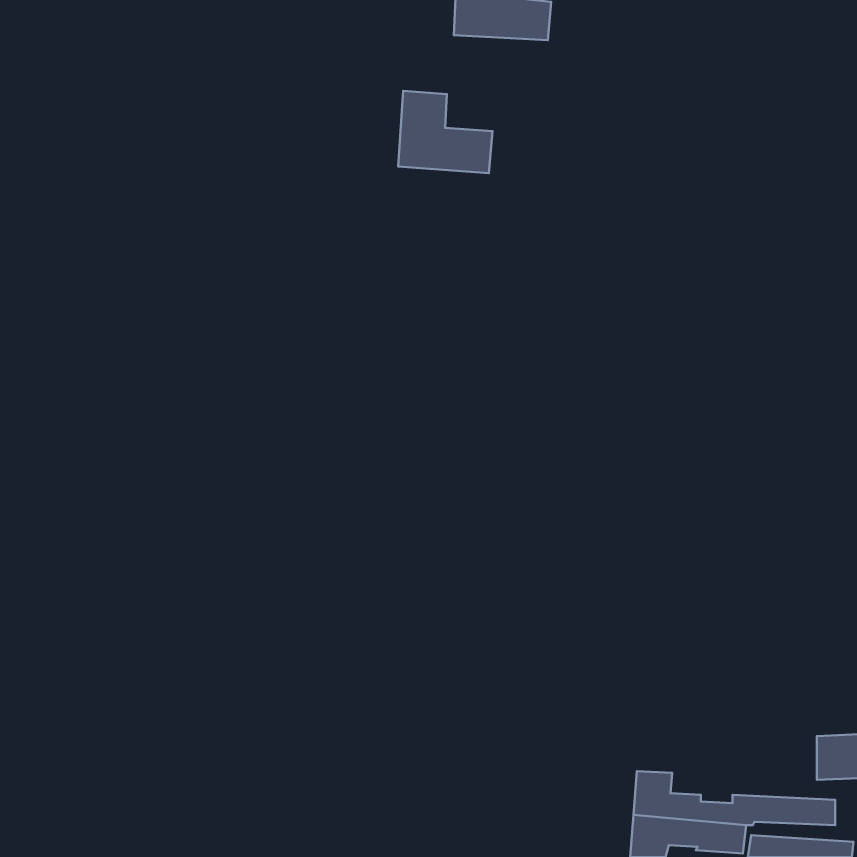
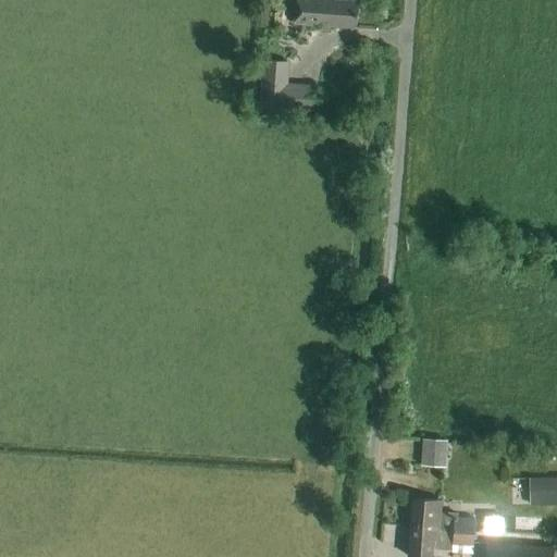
building: none -> [421,437,447,466]

